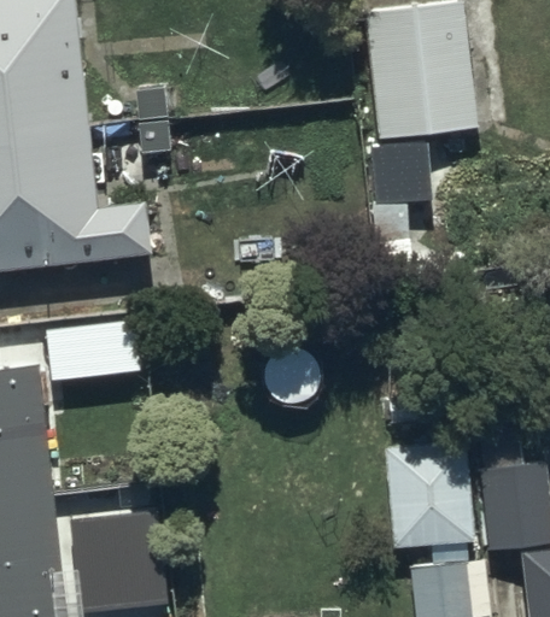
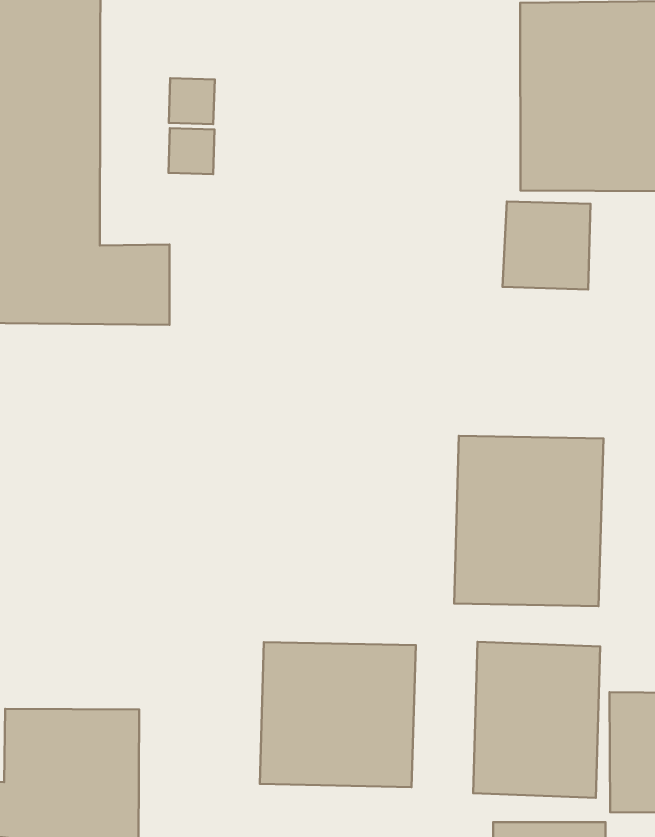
building: none -> [454,436,603,606]
building: none -> [260,642,416,787]

